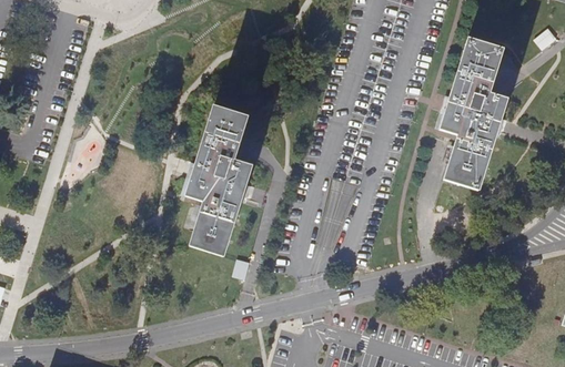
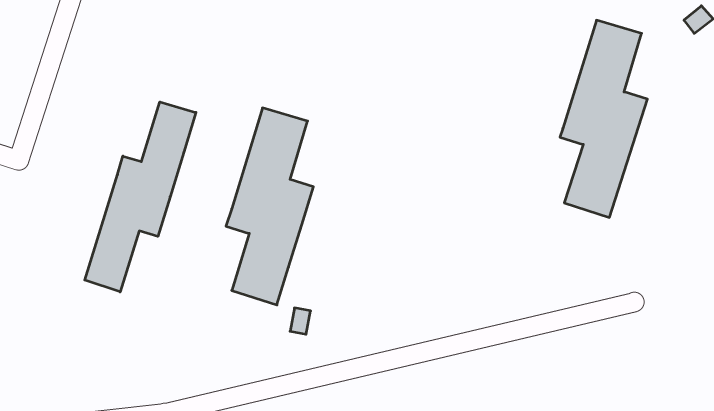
building: none -> [85,102,196,292]

